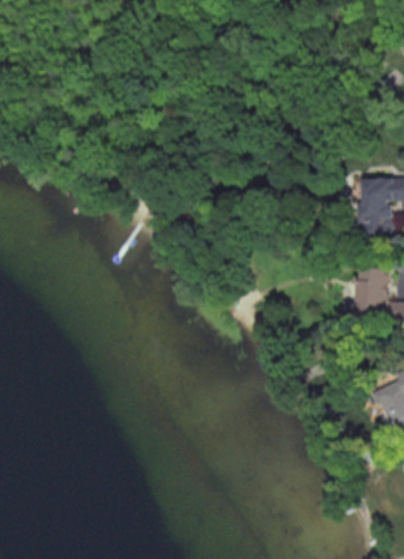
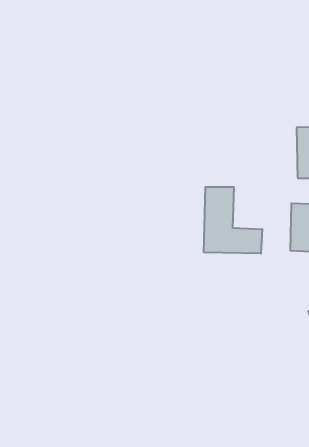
building: none -> [204,187,262,254]

